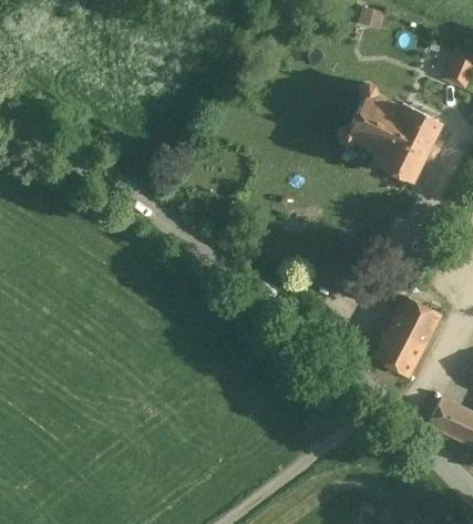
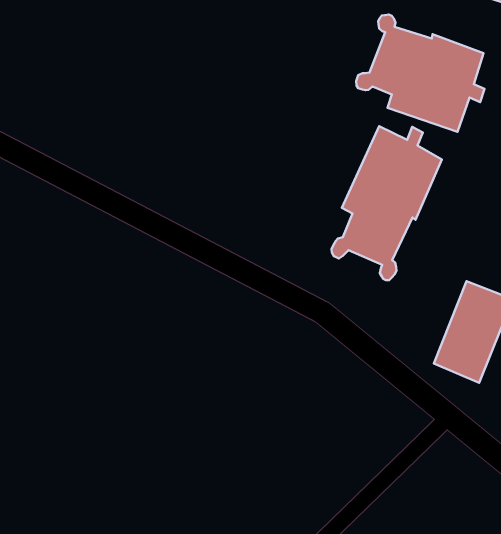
building: none -> [332,126,442,280]

